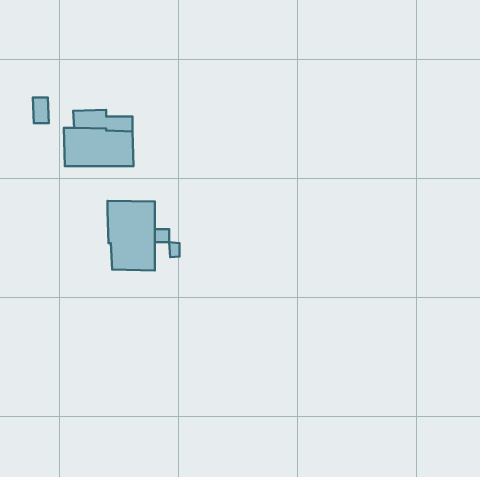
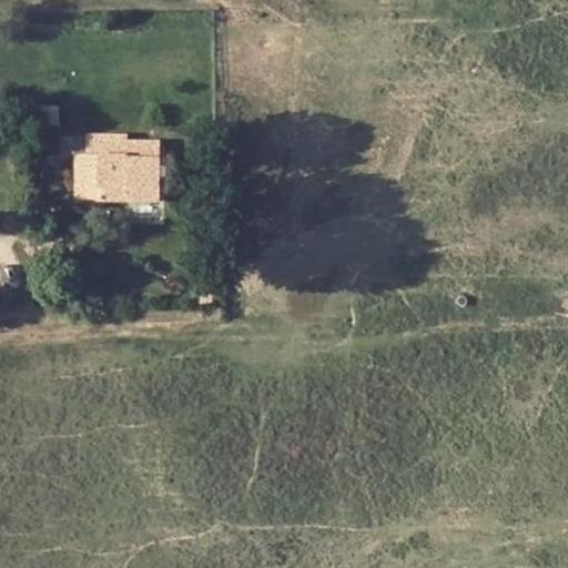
building: [108,201,155,271] -> none

